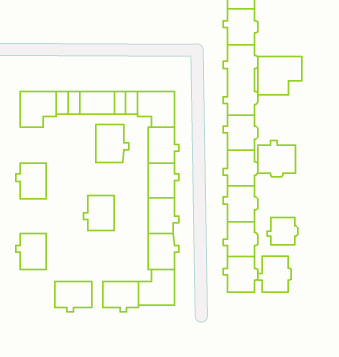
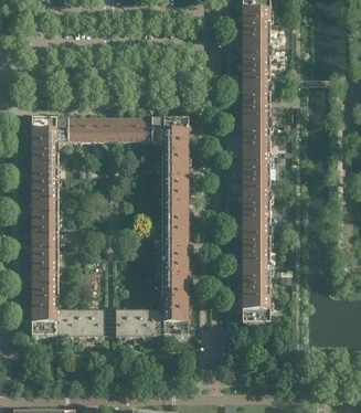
building: [258,57,302,95] -> none
building: [96,124,129,163] -> none
building: none -> [26,152,57,189]
building: [258,141,296,177] -> none
building: [84,196,114,230] -> [26,225,57,261]
building: [267,217,298,245] -> none
building: [258,256,291,292] -> none
building: none -> [31,297,66,333]

